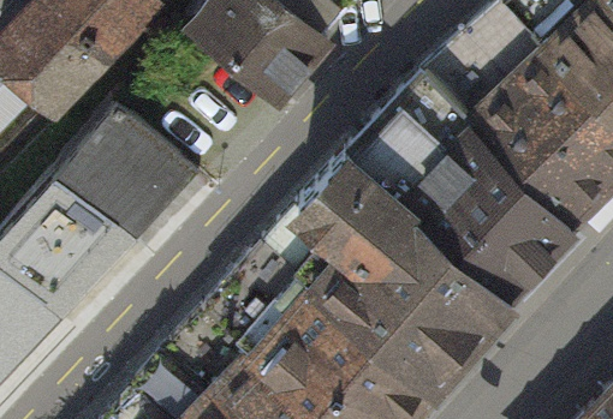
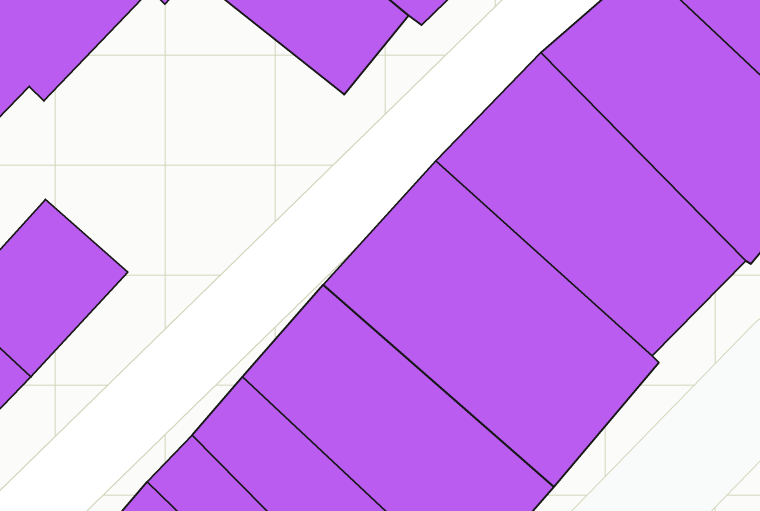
building: [60,110,184,237] -> none

